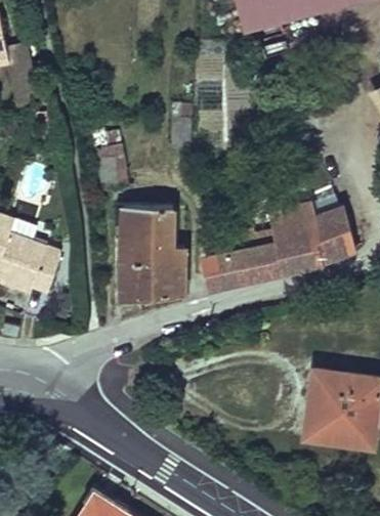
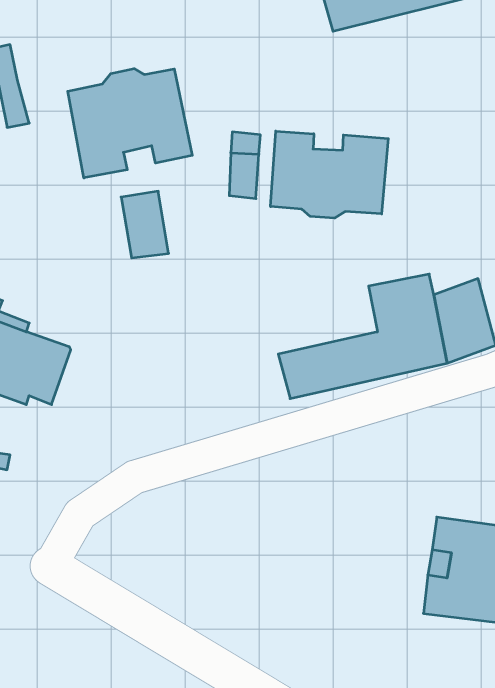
building: none -> [68,69,192,178]
building: none -> [271,131,388,218]
building: [119,205,184,298] -> none

